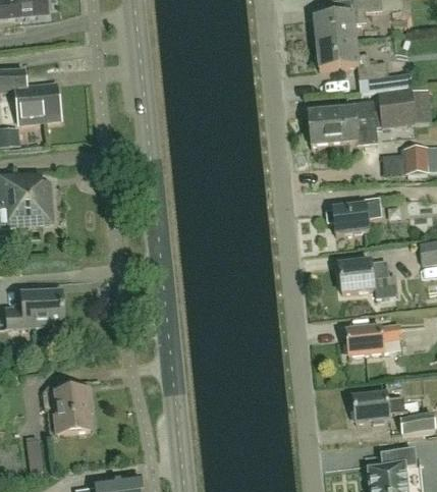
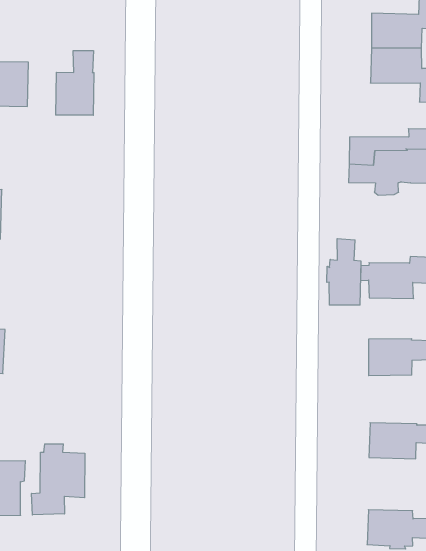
building: none -> [56,51,94,115]
building: none -> [327,239,361,305]
building: none -> [32,444,85,515]

